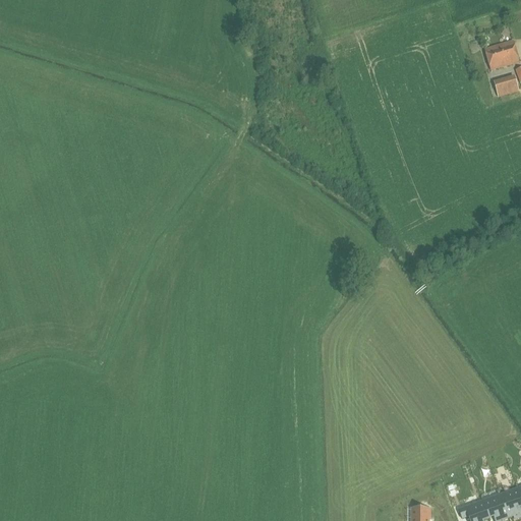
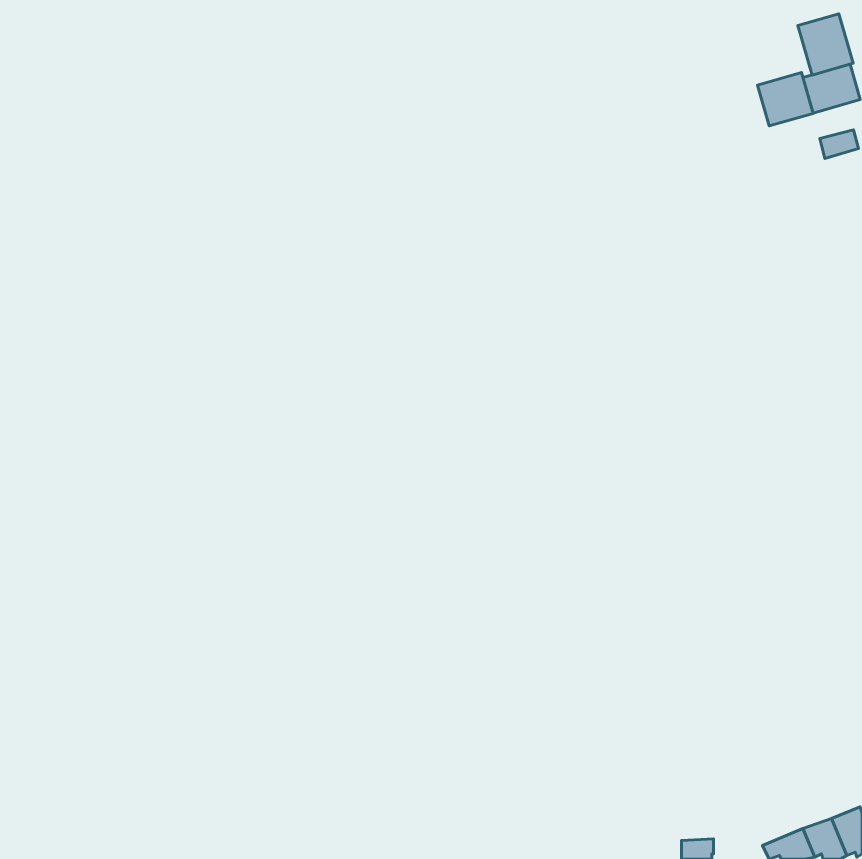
building: none -> [798,14,853,75]
building: none -> [757,72,813,126]

